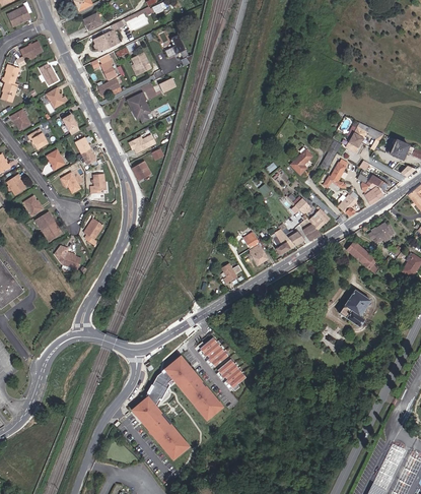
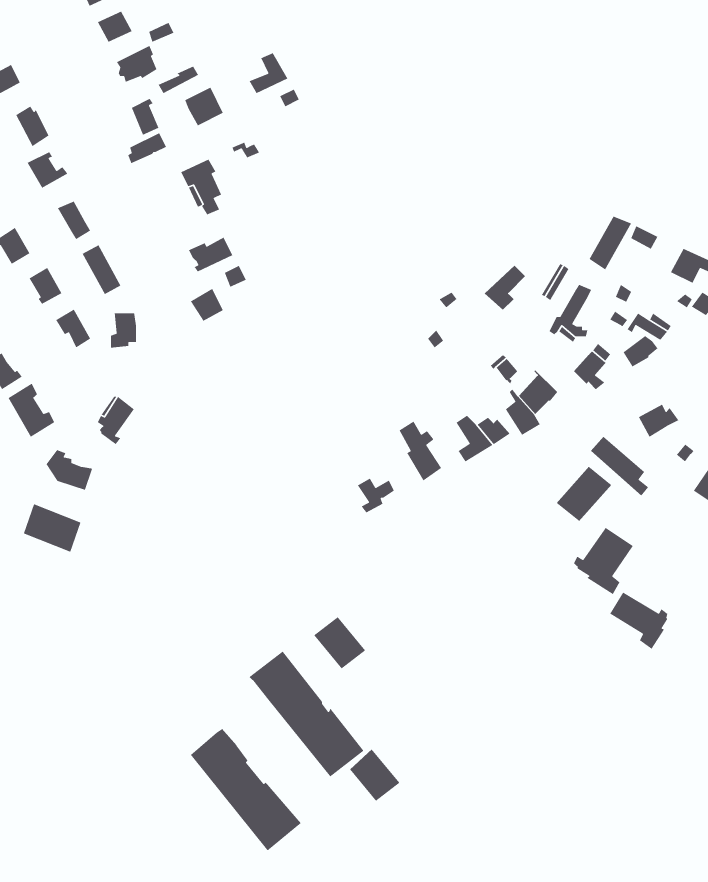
building: none -> [556,466,612,522]
building: none -> [23,503,82,553]
building: none -> [609,591,668,650]
building: [218,359,245,387] -> [349,749,400,802]
building: [147,372,174,407] -> none

